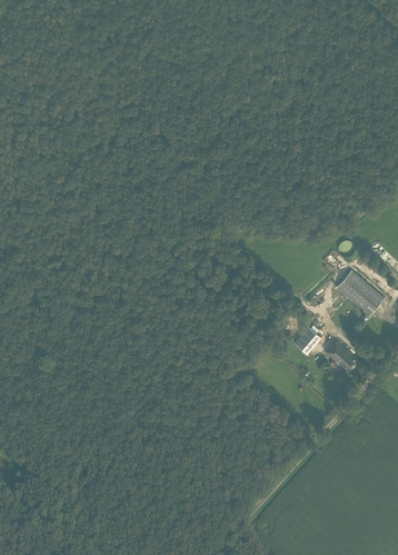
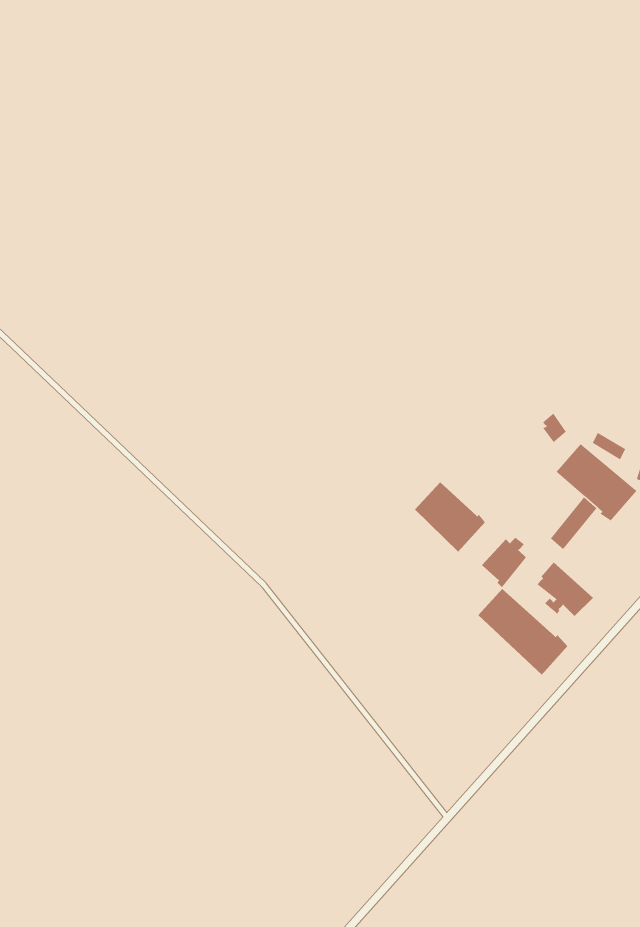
building: none -> [414,481,486,552]
building: none -> [478,588,568,675]

